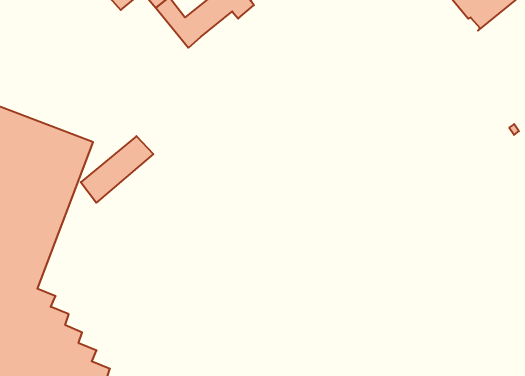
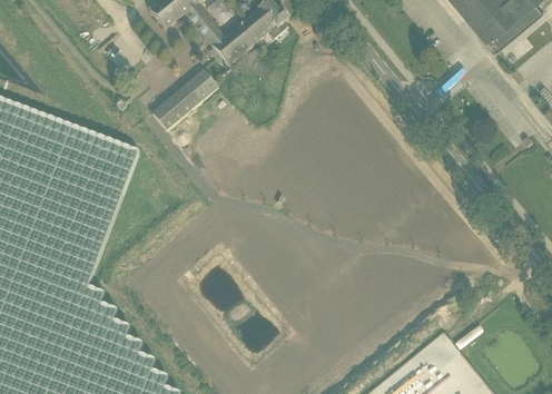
building: [81,136,153,203] -> [152,71,219,132]

